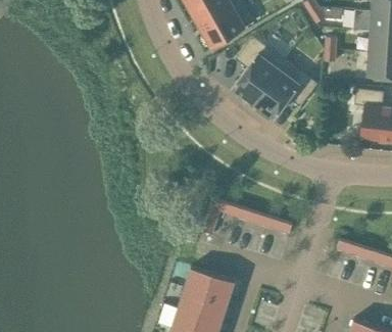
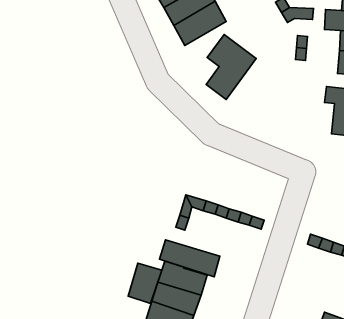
building: [253,60,316,117] -> none
building: none -> [159,240,220,277]
building: none -> [128,263,162,303]

